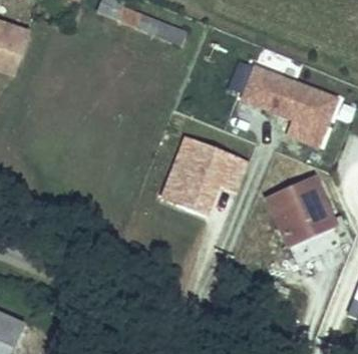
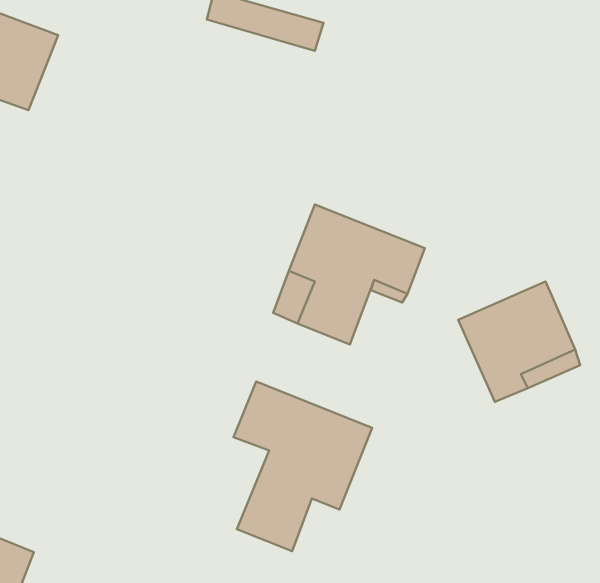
building: [239,61,335,141] -> none
building: none -> [234,382,372,551]

